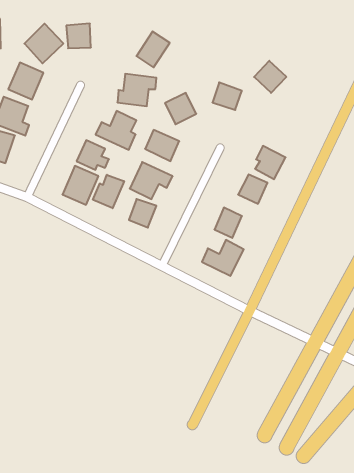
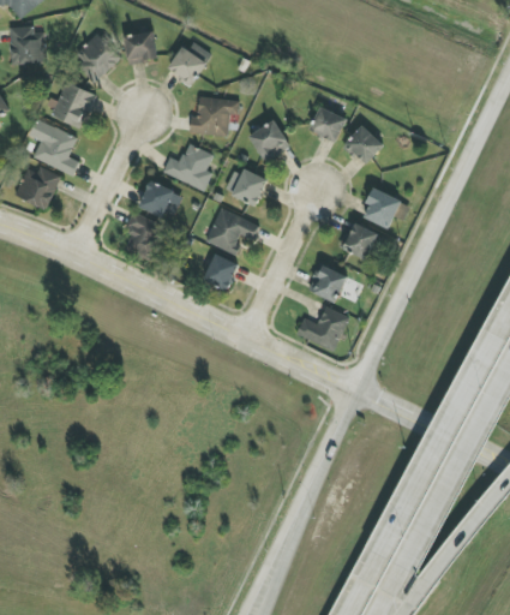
building: [136,31,170,67] -> [169,38,211,84]
building: [254,61,286,93] -> [343,124,384,165]
building: [93,175,124,208] -> none

